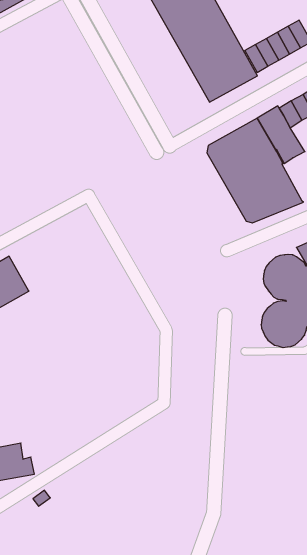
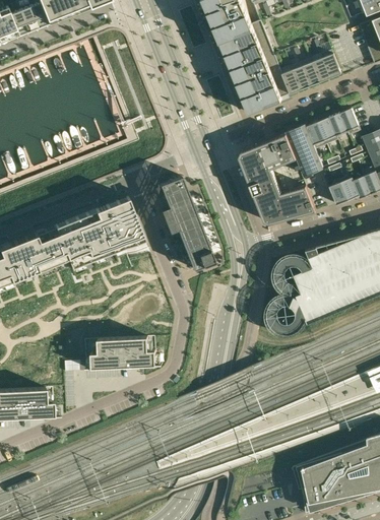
building: none -> [157,177,212,270]
building: none -> [53,197,142,268]
building: none -> [88,338,154,370]

